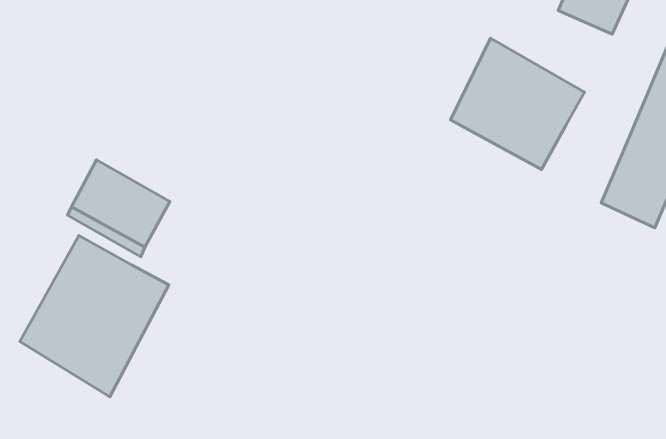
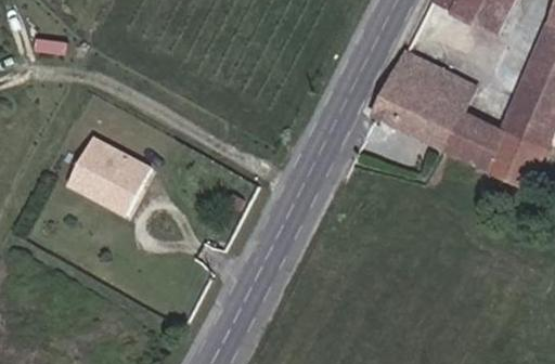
building: none -> [440,108,504,170]
building: [20,235,169,397] -> none

